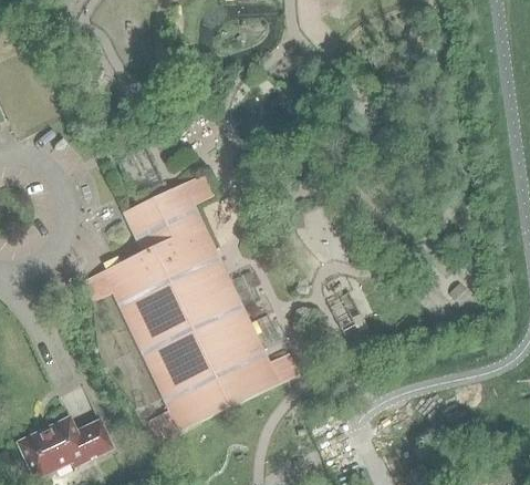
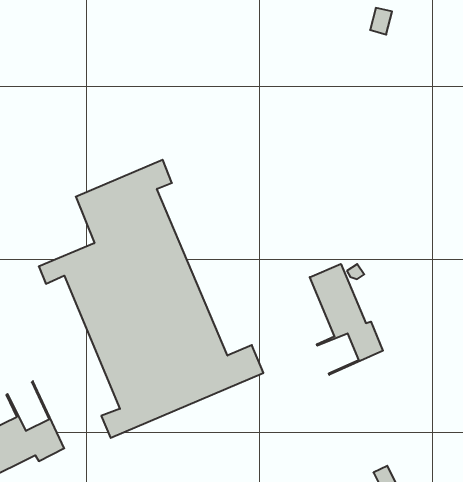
building: none -> [310,264,383,375]

